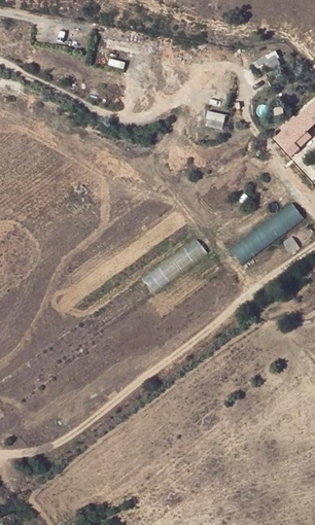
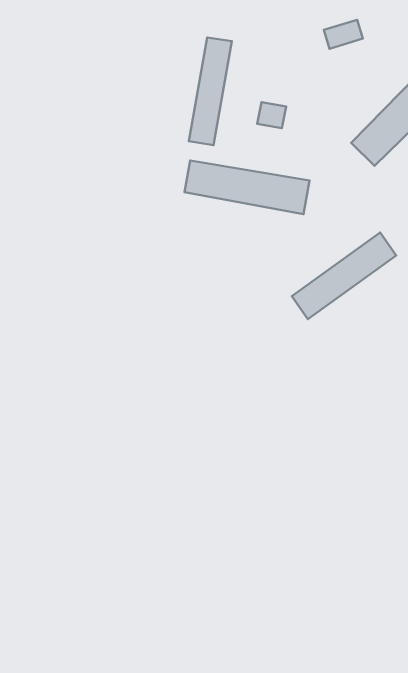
building: none -> [189,38,232,145]
building: none -> [184,160,309,214]

